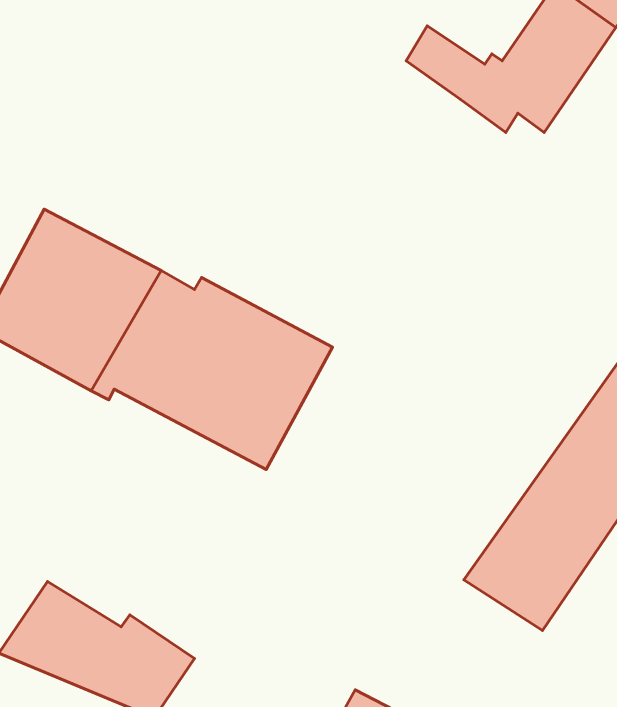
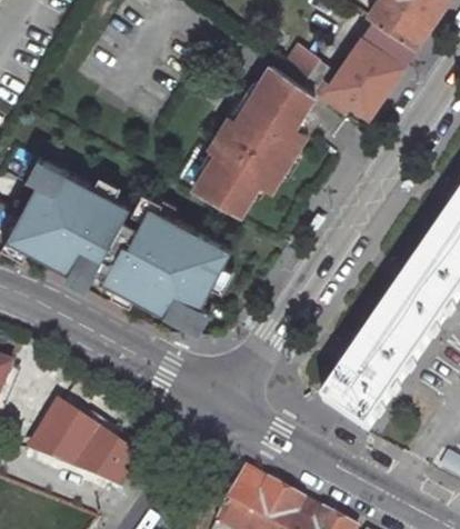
building: none -> [193,61,314,214]

